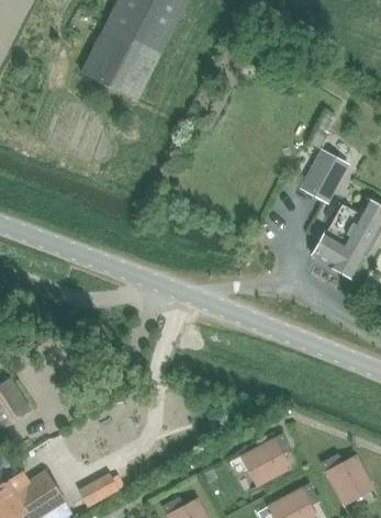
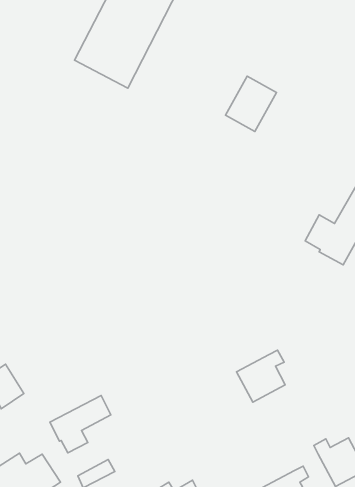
building: [300,148,351,204] -> [226,76,276,132]
building: none -> [50,396,111,453]
building: [242,433,291,486] -> [237,350,285,402]

